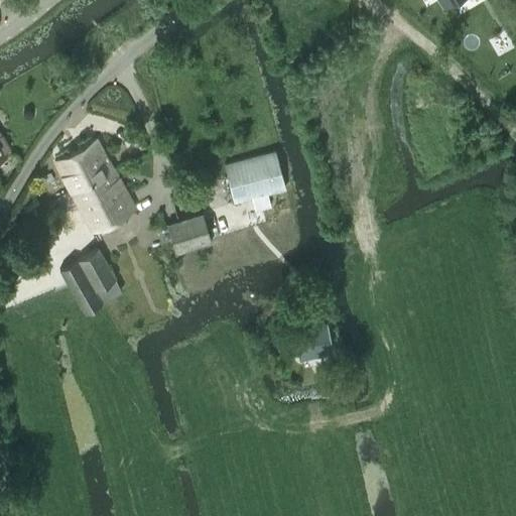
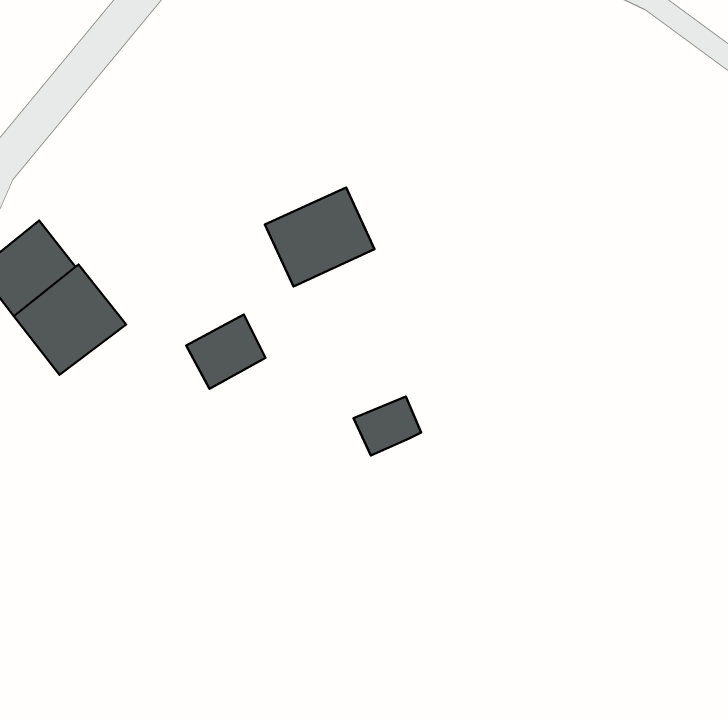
building: [60,251,123,315] -> none
building: [299,322,337,353] -> [354,397,421,456]

